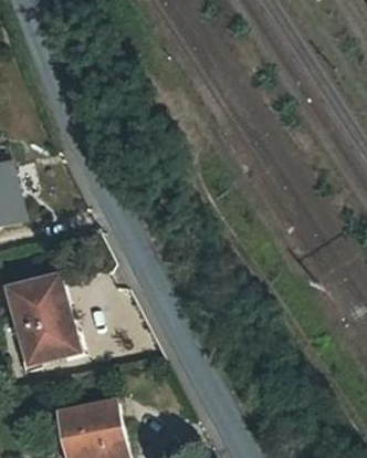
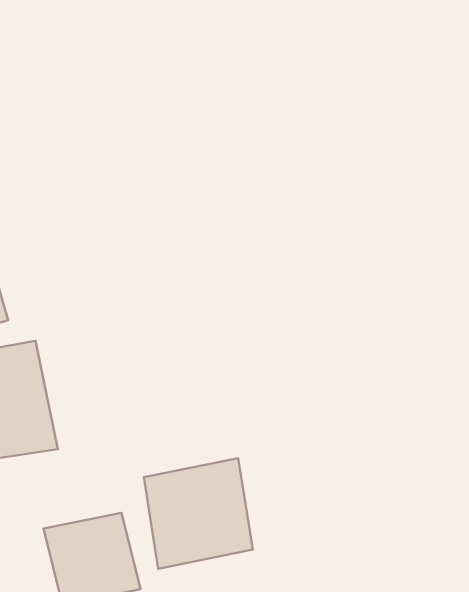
building: none -> [144,458,253,569]

